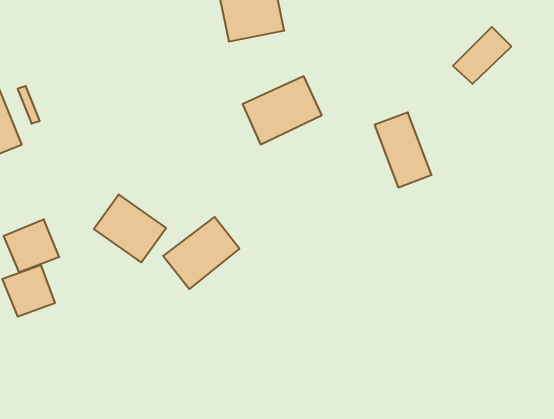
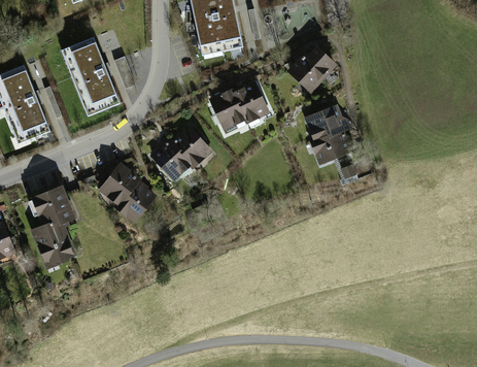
building: none -> [61,36,118,114]
building: [453,27,511,84] -> [286,46,330,89]
building: [163,217,239,289] -> [156,129,212,182]

